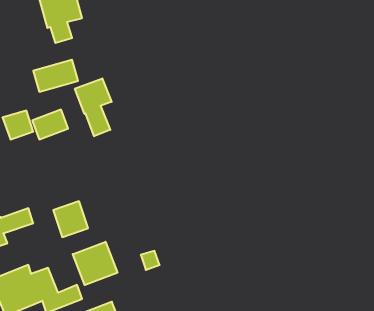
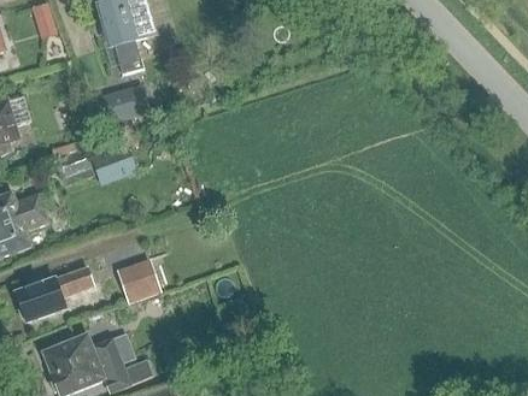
building: [75,78,112,136] -> none
building: [73,242,117,285] -> none

